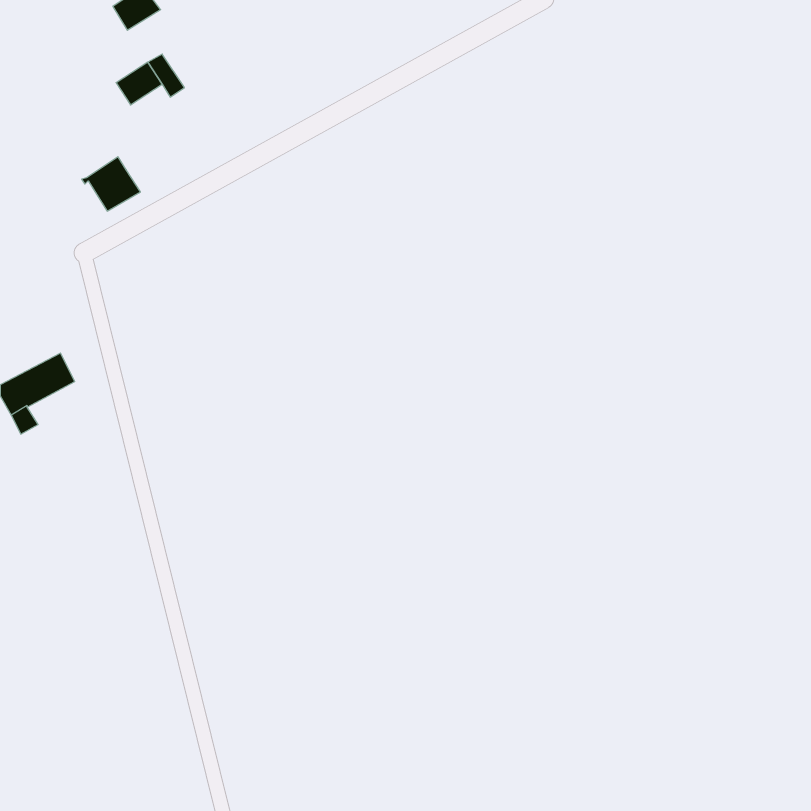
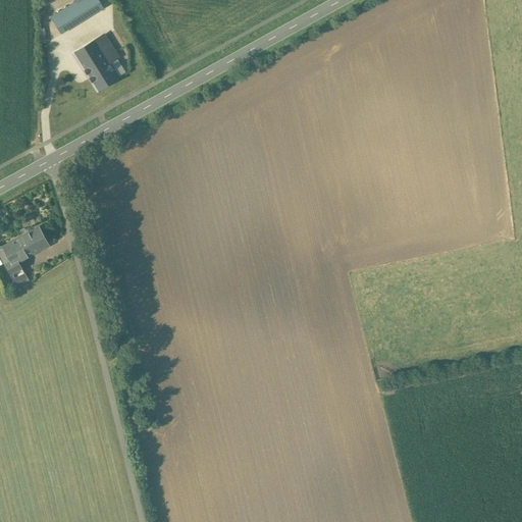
building: none -> [52,4,83,32]
building: [82,157,140,211] -> [82,54,119,89]

